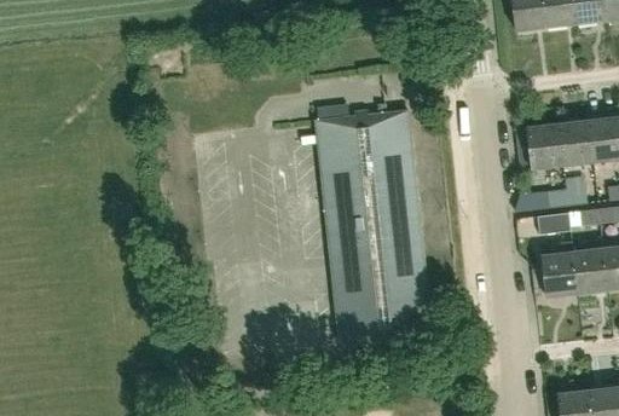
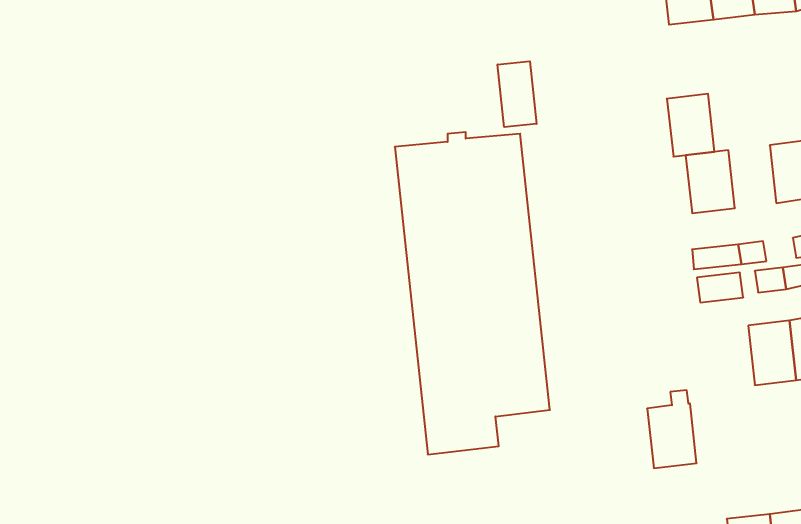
building: none -> [498,61,537,127]
building: [560,119,595,164] -> [667,94,715,157]
building: [543,241,579,297] -> [647,390,697,468]

